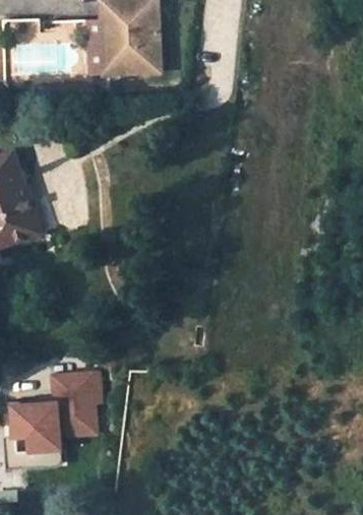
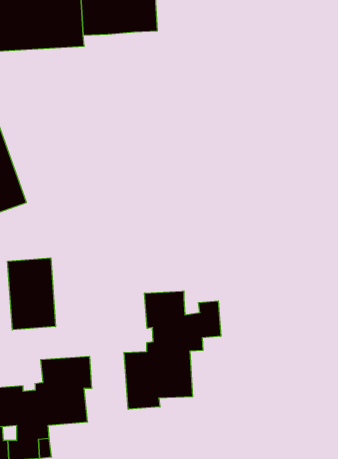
building: none -> [8,258,56,330]
building: none -> [124,291,221,409]

